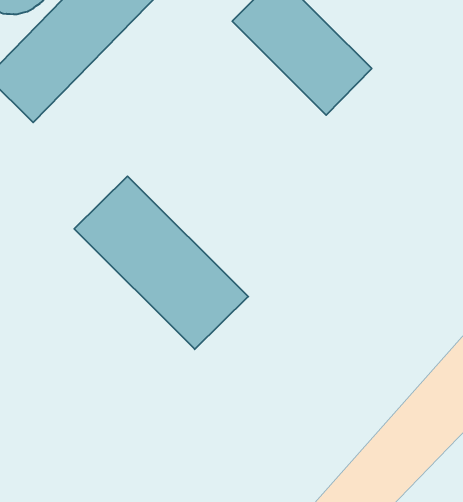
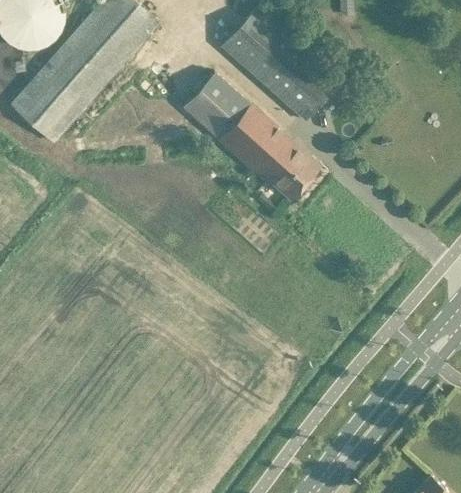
building: none -> [182,71,319,198]
building: [74,176,248,349] -> none

